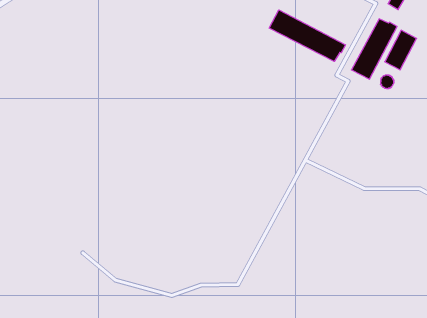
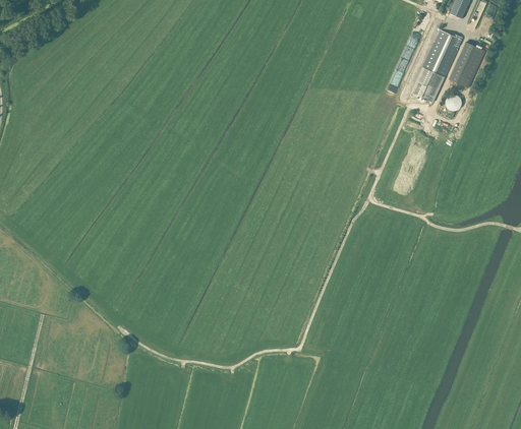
building: [269,10,345,61] -> none

